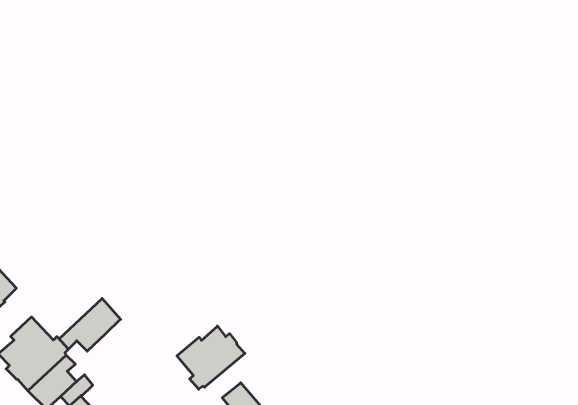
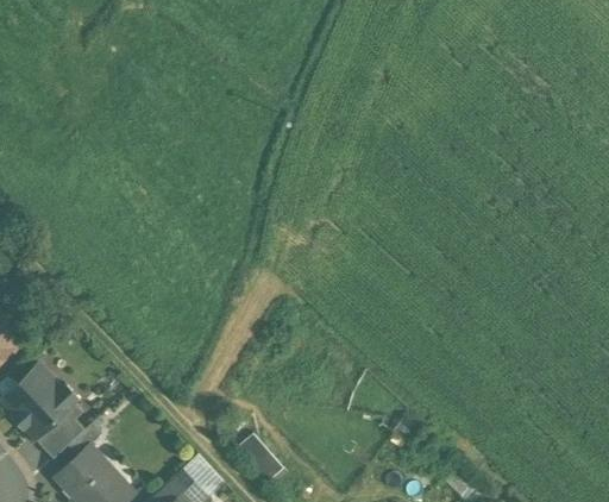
building: [59,298,121,351] -> none
building: [177,326,245,389] -> none

